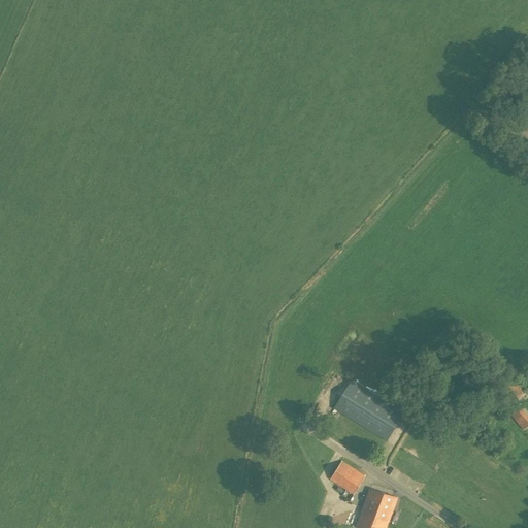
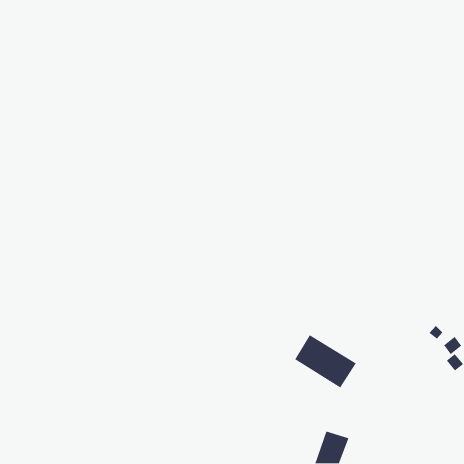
building: [331,461,365,494] -> none

